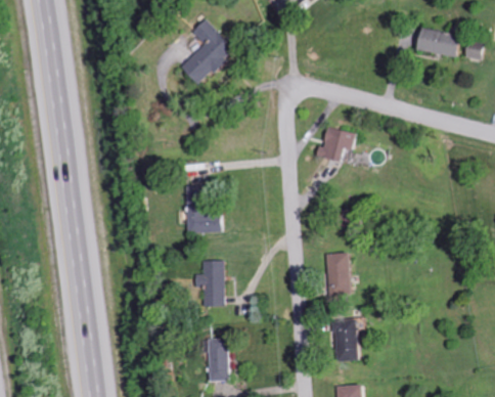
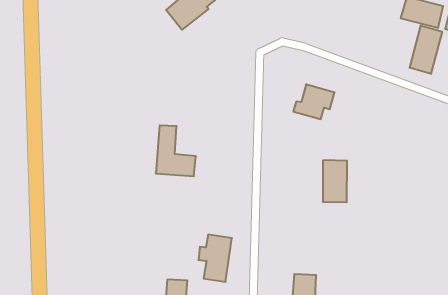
building: none -> [410,25,442,74]
building: [325,253,354,297] -> [323,160,347,202]
building: [192,261,224,307] -> [198,235,232,282]

